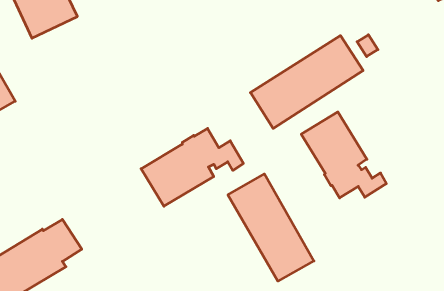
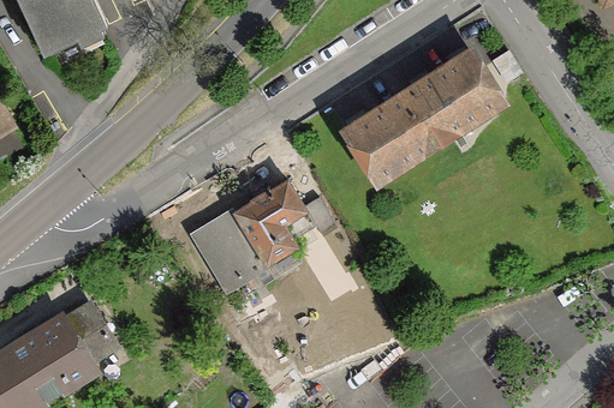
building: [301,112,386,198] -> none
building: [228,174,314,281] -> none

